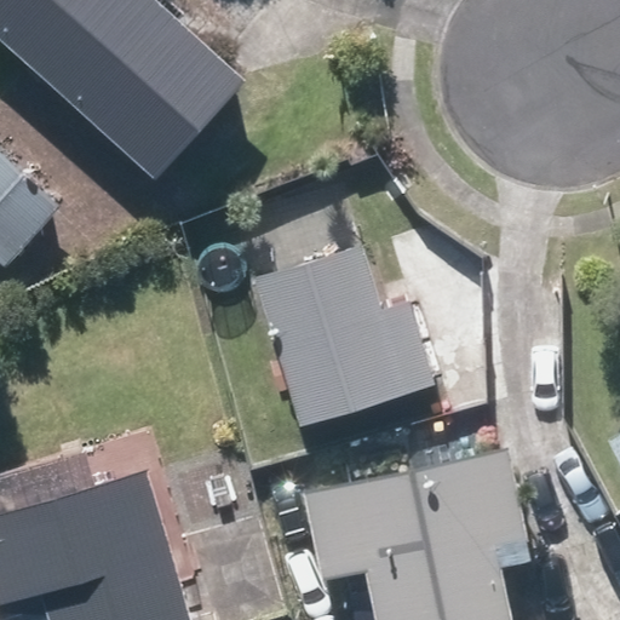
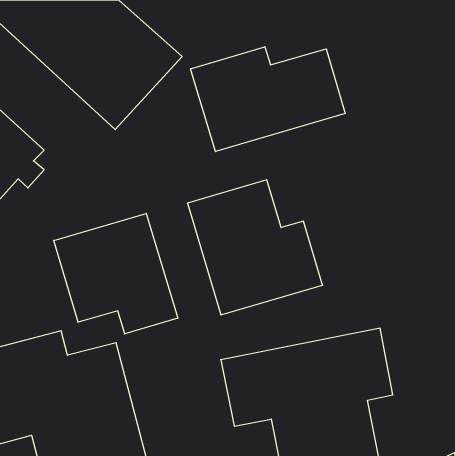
building: none -> [191,47,345,152]
building: none -> [54,213,178,334]

